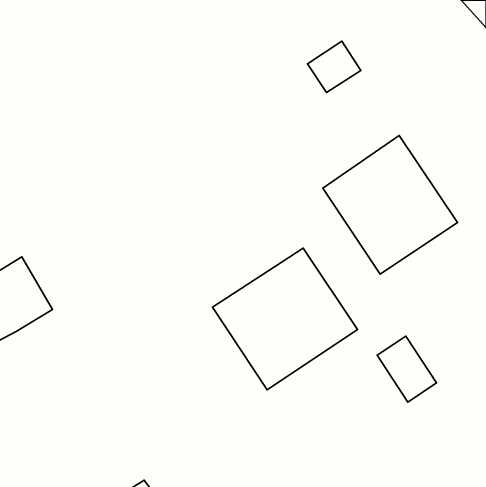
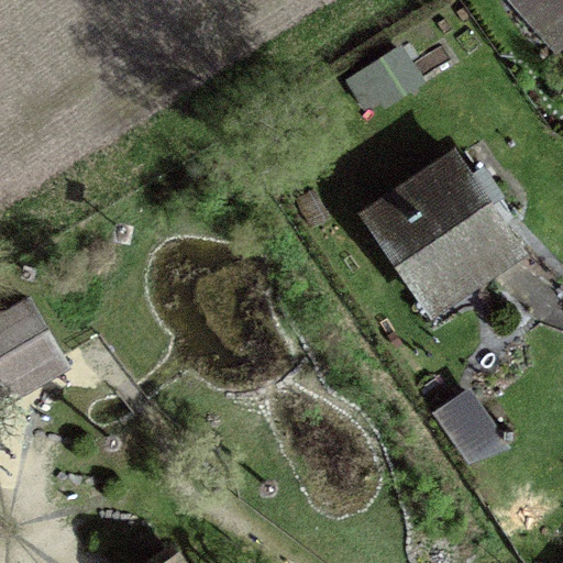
building: [212,248,357,390] -> none

